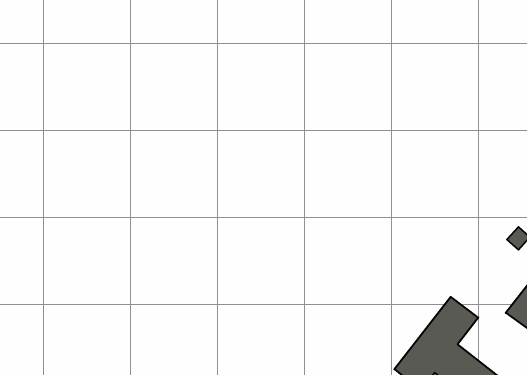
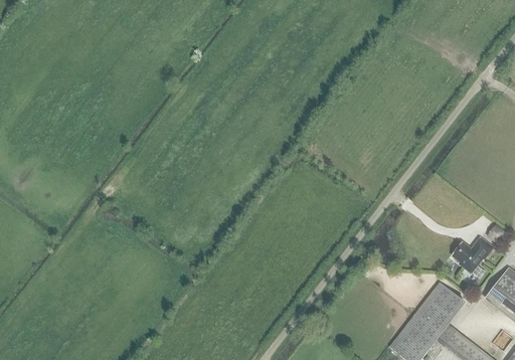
building: none -> [453,236,493,273]

